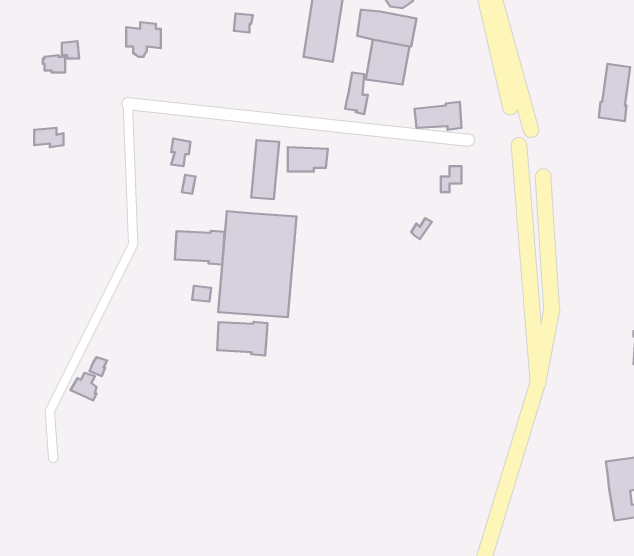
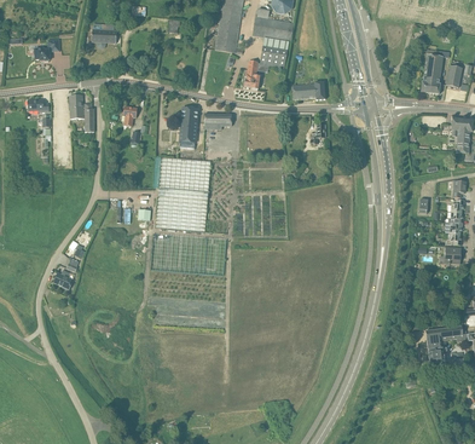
building: none -> [70,96,94,132]
building: [175,231,225,265] -> none
building: [217,322,267,355] -> none

